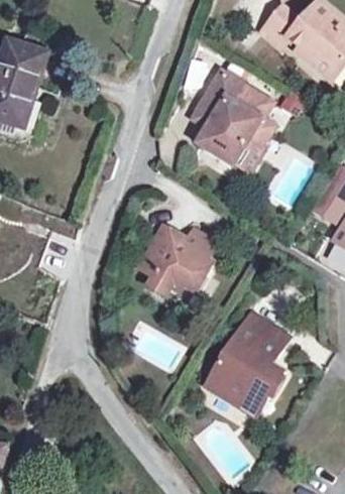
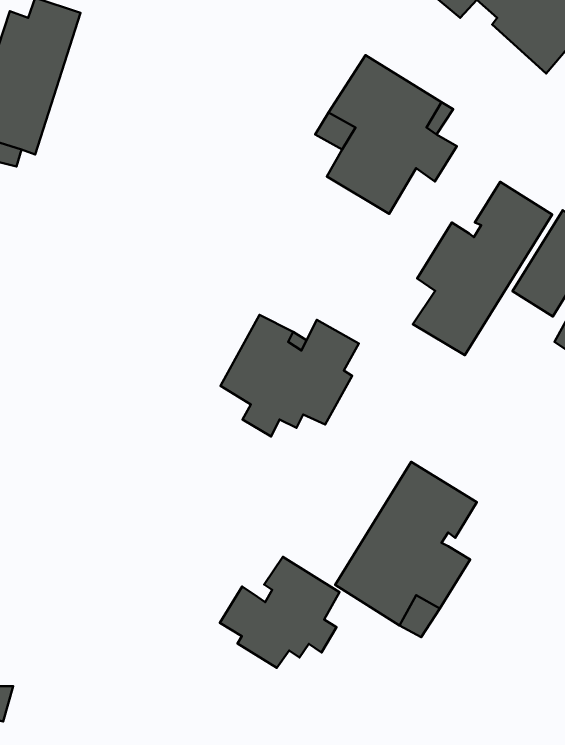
building: none -> [413,182,552,355]
building: none -> [220,557,339,668]

